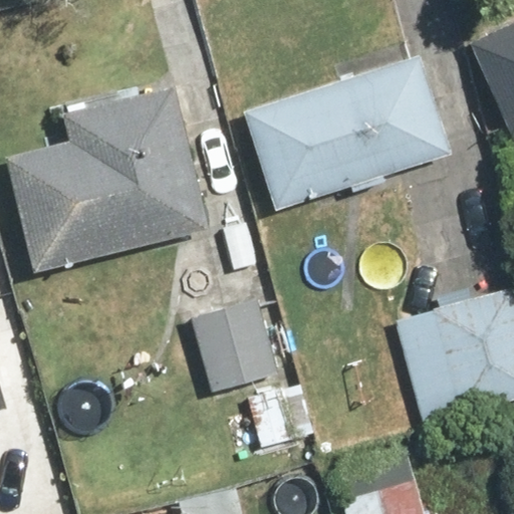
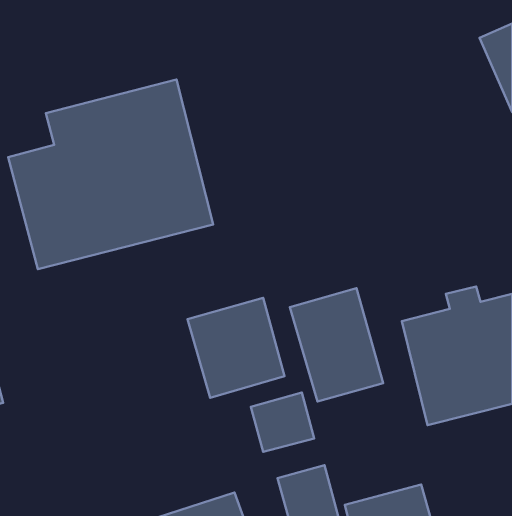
building: [246,56,453,212] -> none
building: none -> [290,288,383,401]

